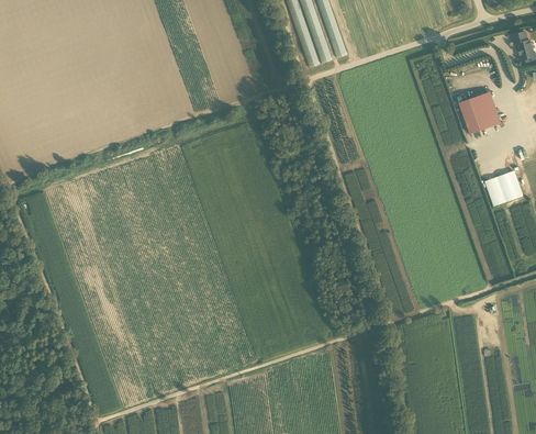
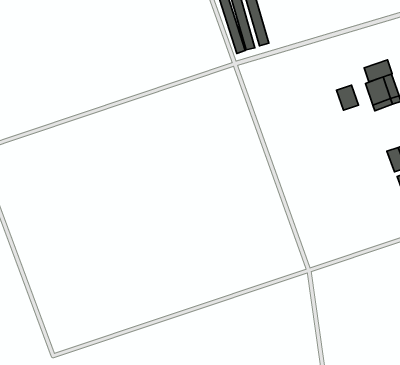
building: none -> [364,60,392,82]
building: none -> [337,85,359,110]

